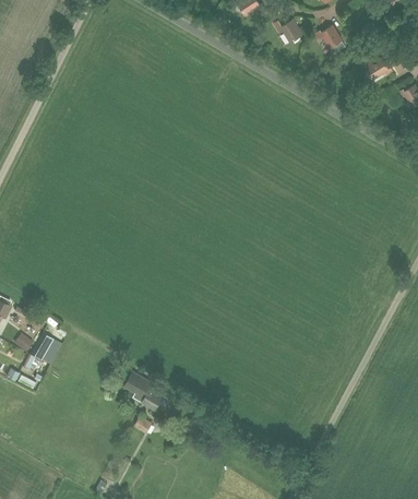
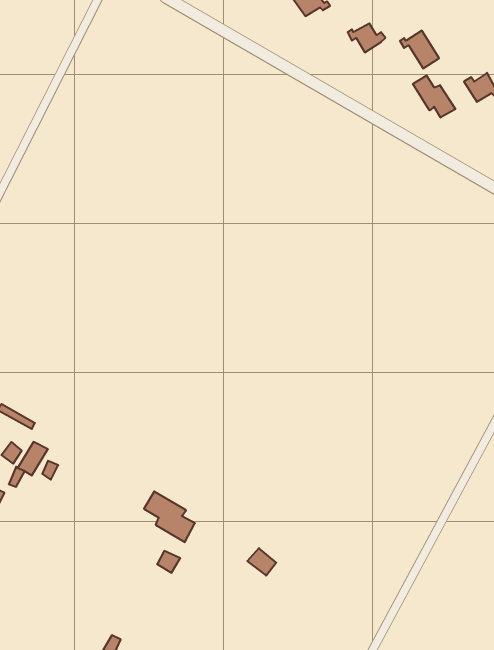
building: none -> [413,75,455,118]

